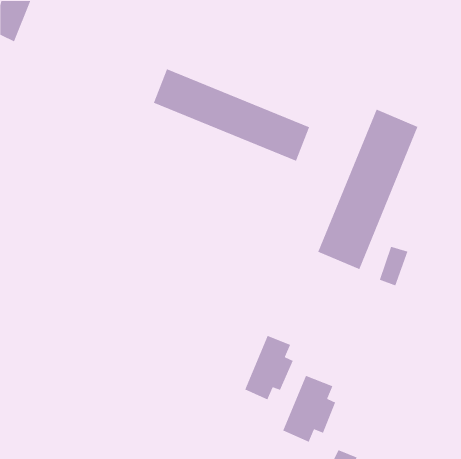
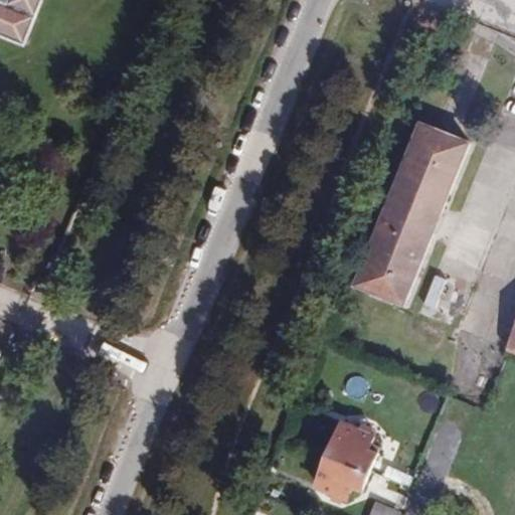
building: [153,68,310,162] -> none
building: [244,335,294,401] -> none

